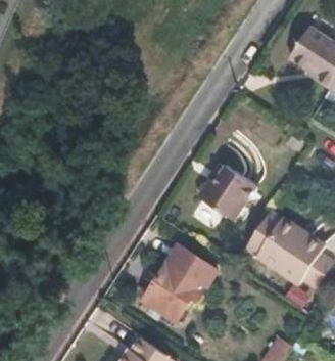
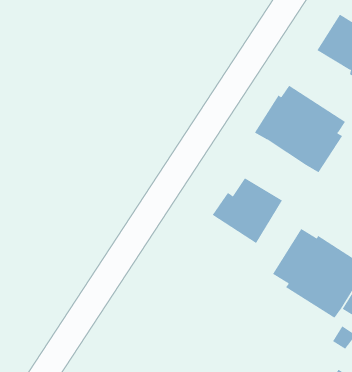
building: none -> [254,85,346,173]
building: [142,243,217,318] -> none

